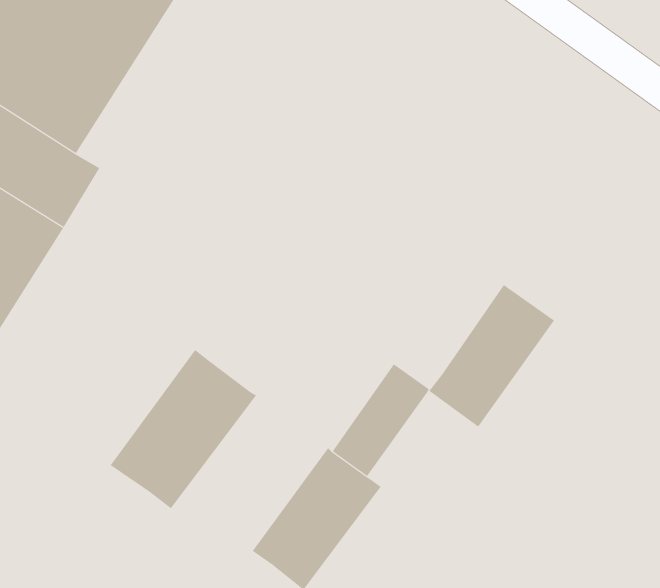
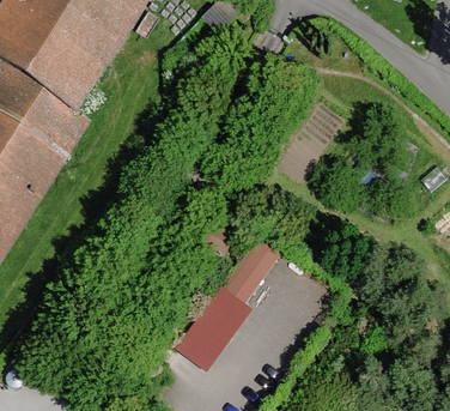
building: [429,284,555,427] -> none
building: [110,349,257,509] -> none

